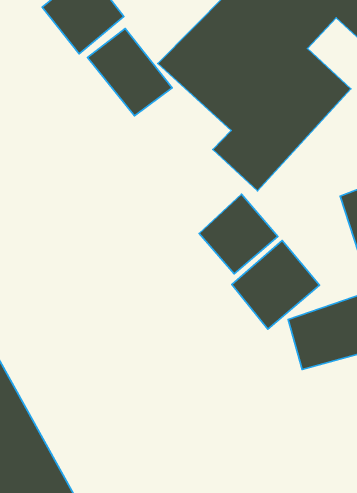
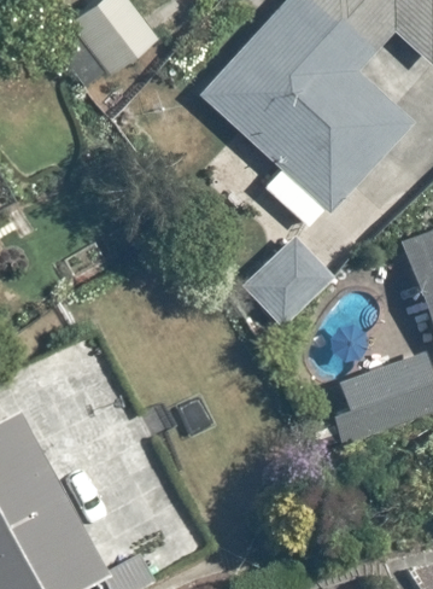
building: [87,29,172,116] -> none
building: [232,240,319,329] -> none

